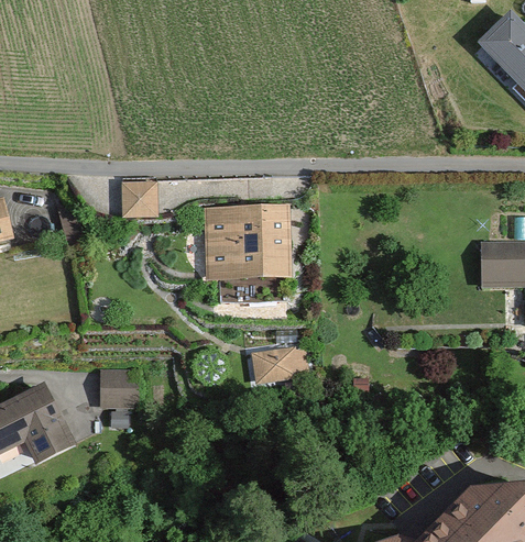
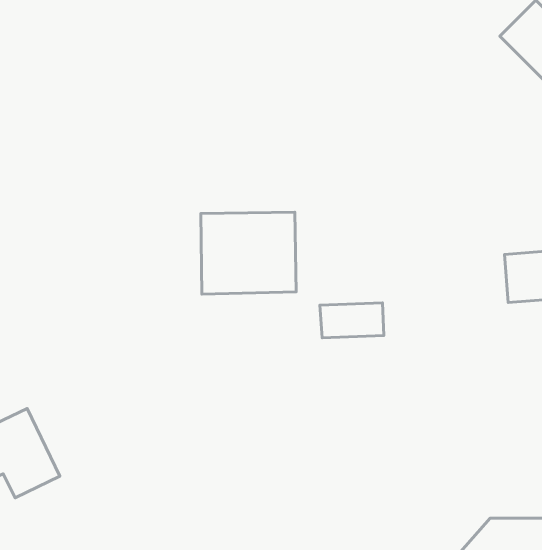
building: [119,181,155,218] -> none
building: [253,346,311,378] -> [320,303,384,338]
building: [102,374,142,409] -> none

